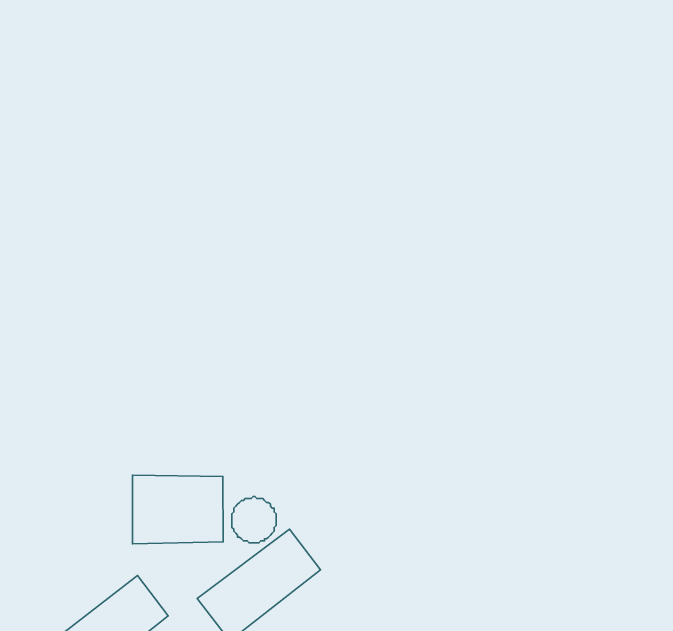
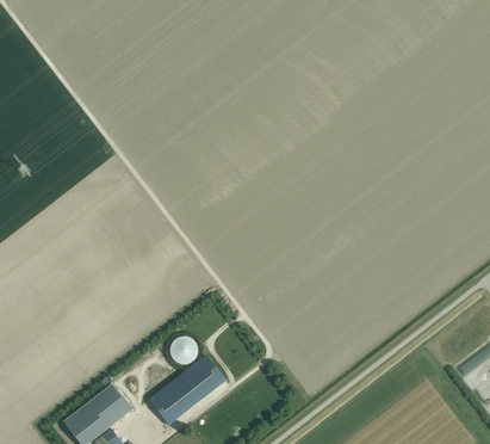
building: [133,475,223,544] -> none

